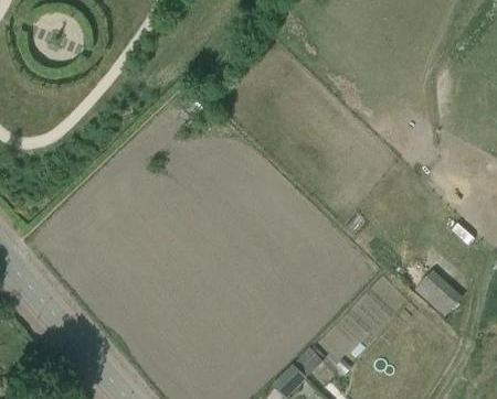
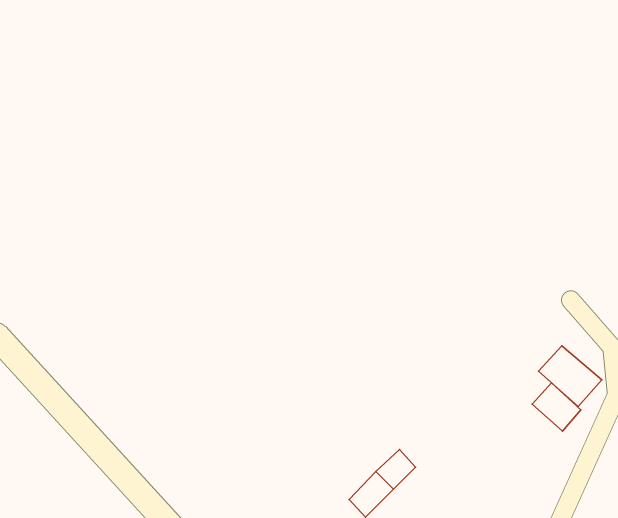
building: none -> [532,383,581,431]

